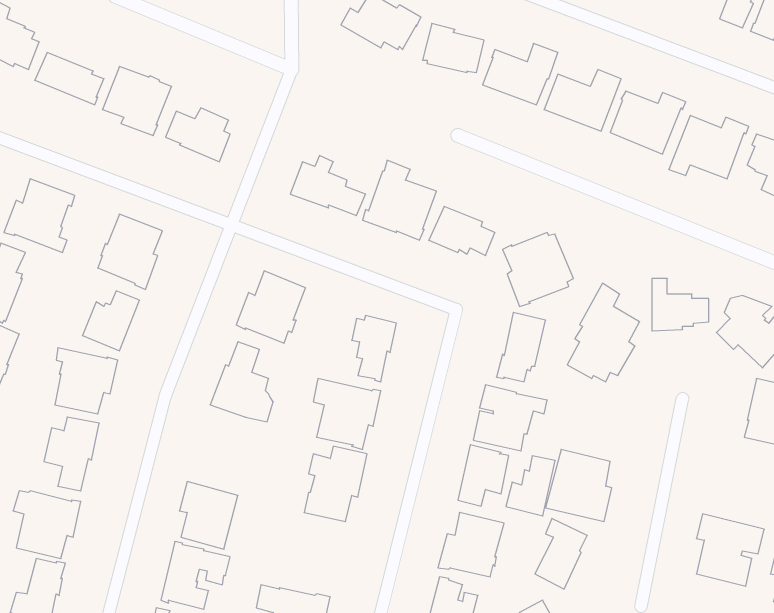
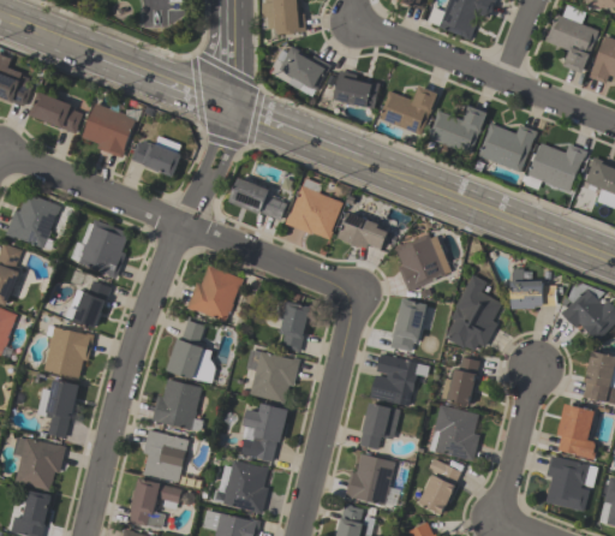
building: none -> [151,377,202,430]
building: none -> [557,401,596,459]
building: [506,456,555,516] -> [441,357,479,404]
building: none -> [211,459,268,513]

